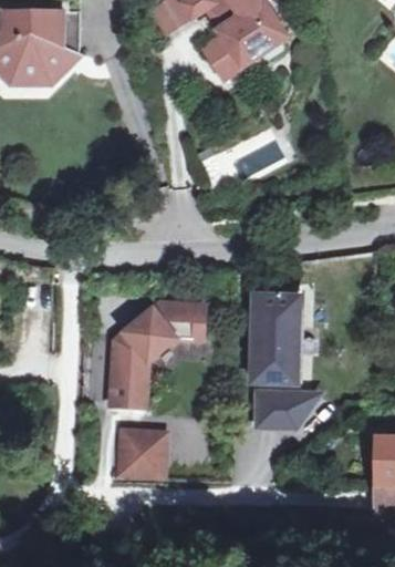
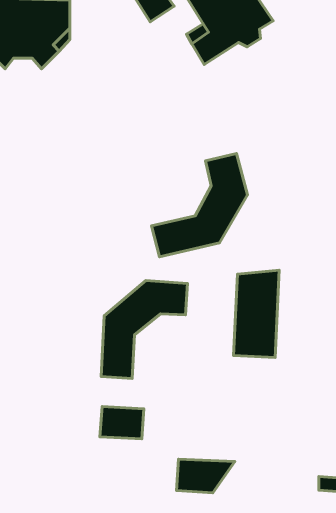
building: none -> [151,153,247,257]
building: [254,395,316,431] -> [176,459,235,493]

